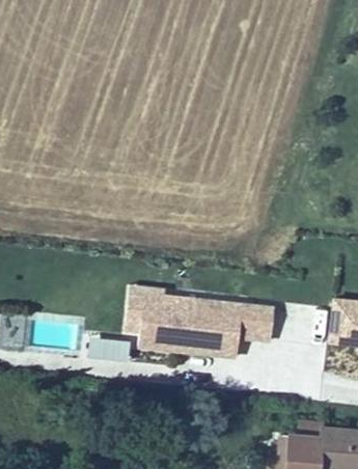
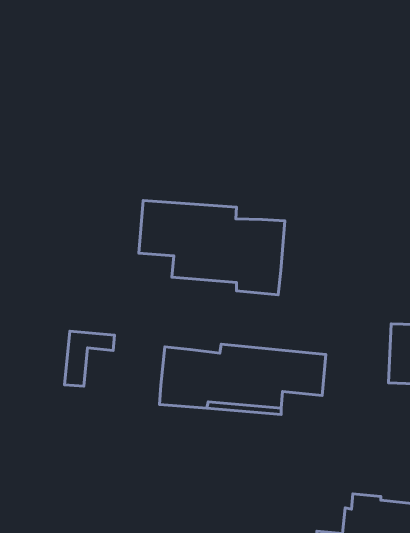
building: none -> [139,200,285,295]
building: [128,287,168,332] -> [65,331,114,386]

